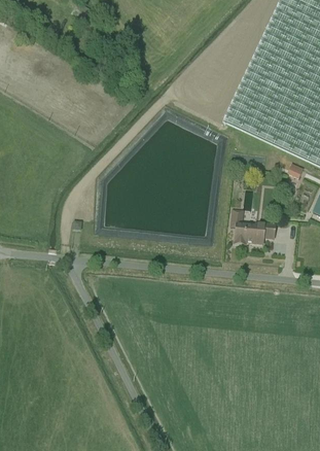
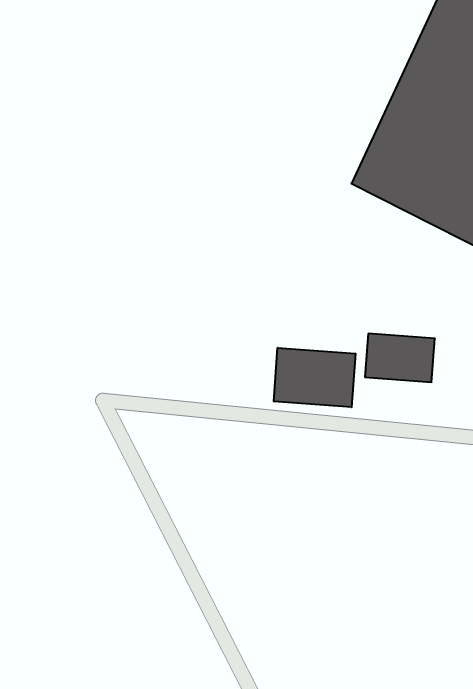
building: none -> [274,348,356,407]

